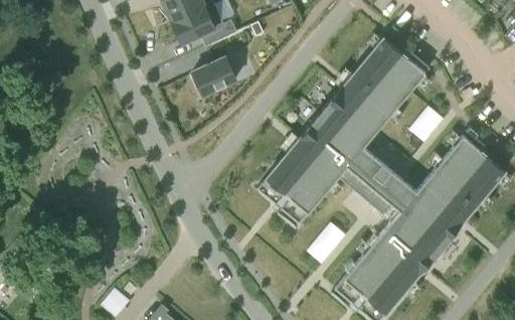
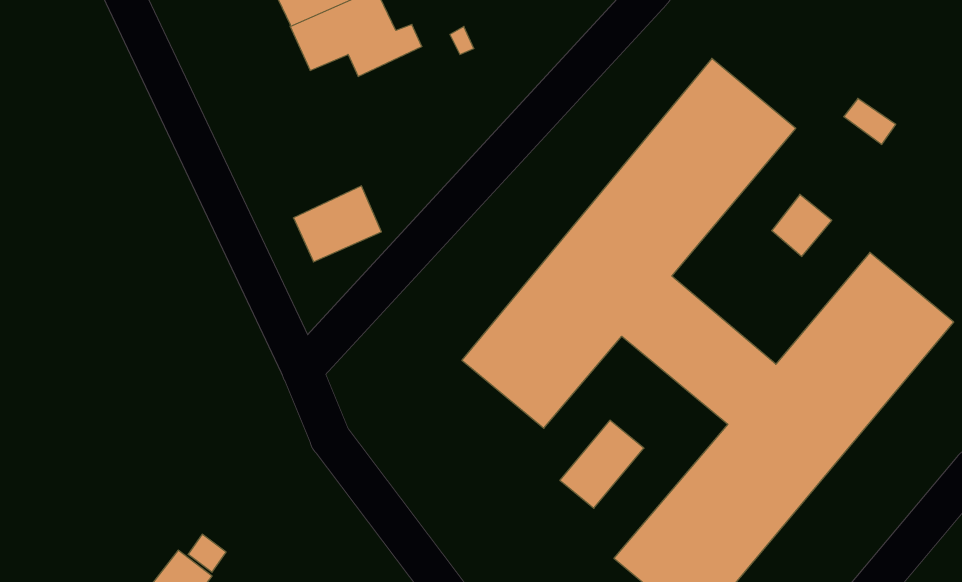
building: [192,56,236,95] -> [293,186,381,262]

